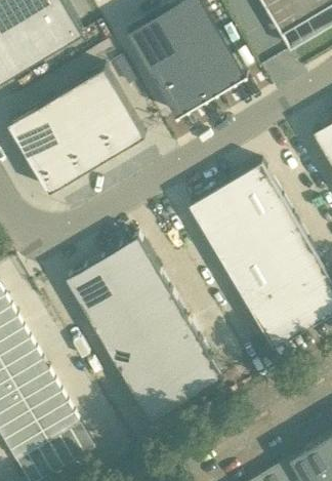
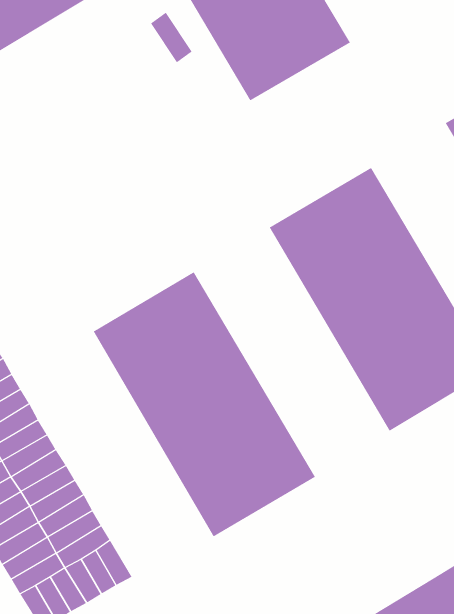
building: [7,68,143,193] -> none

